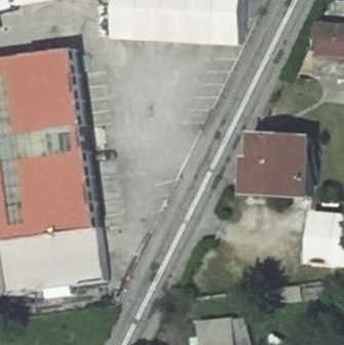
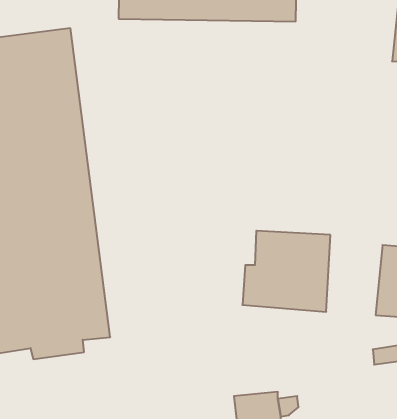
building: [241,136,307,196] -> [242,231,330,312]

